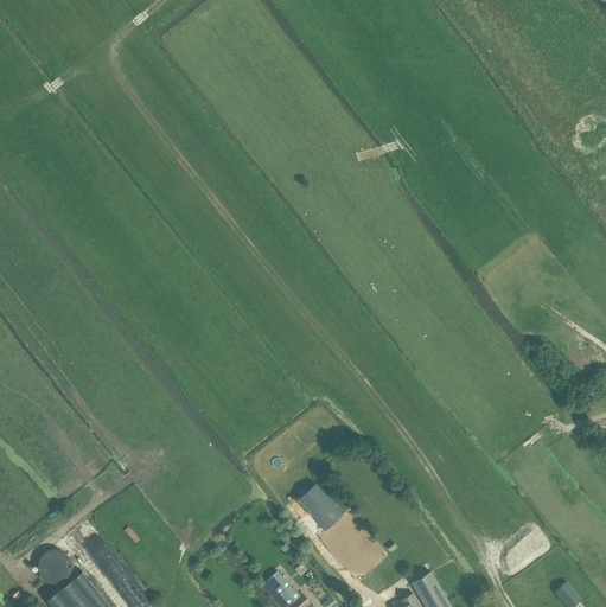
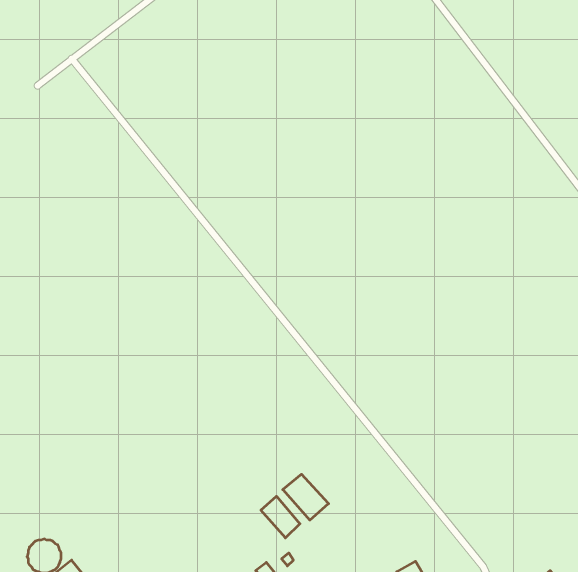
building: none -> [261,496,300,538]

